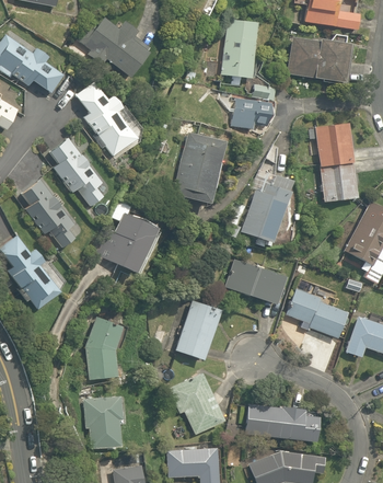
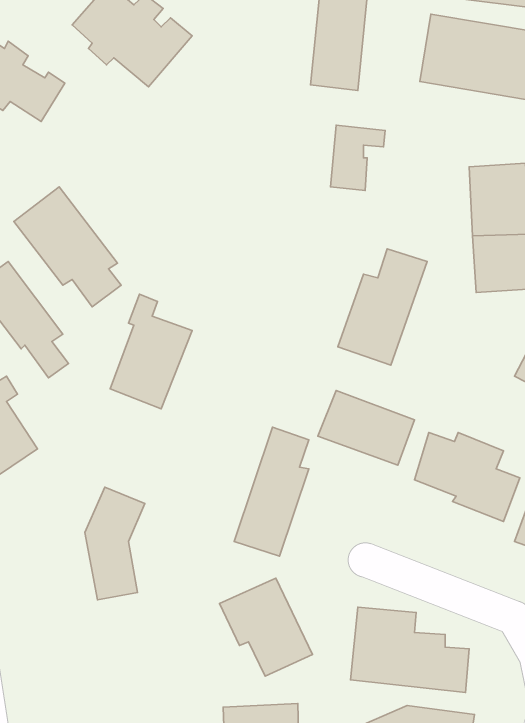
building: [73,80,136,154] -> none
building: [174,134,221,212] -> none
building: [83,393,127,447] -> none

